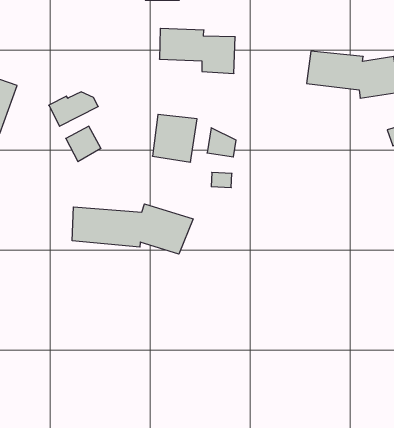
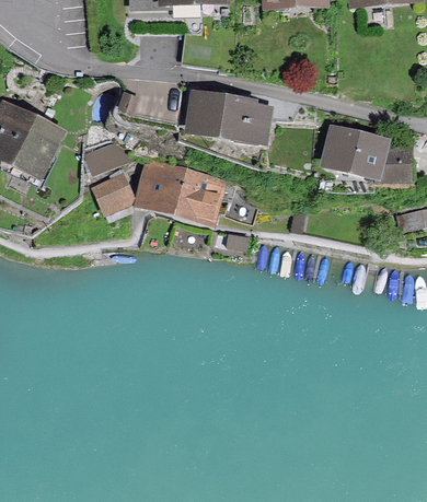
building: none -> [140,165,185,213]
building: [72,204,193,254] -> none

